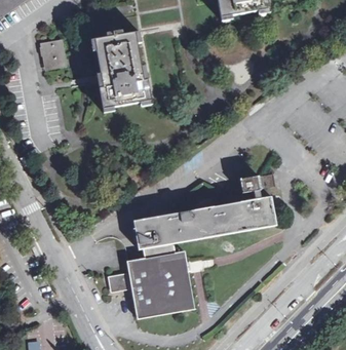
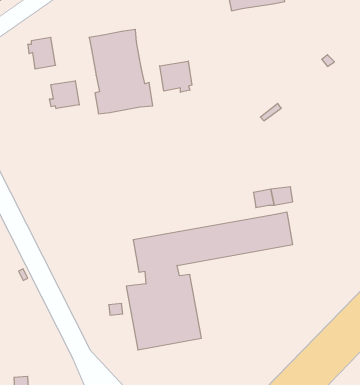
building: none -> [160,61,192,92]
building: none -> [49,81,79,109]

